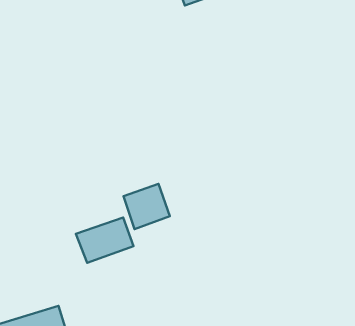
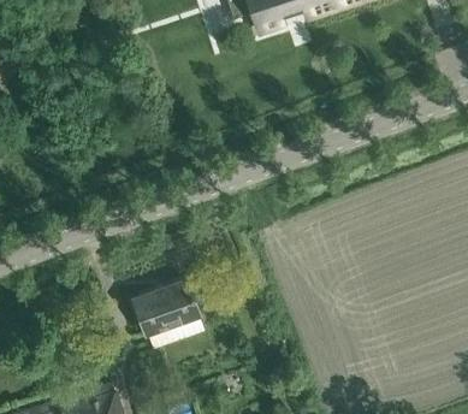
building: [124,184,170,229] -> none

